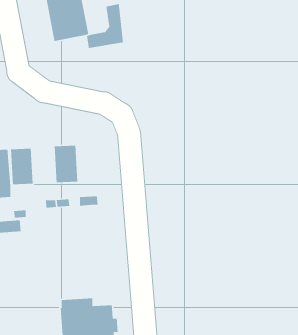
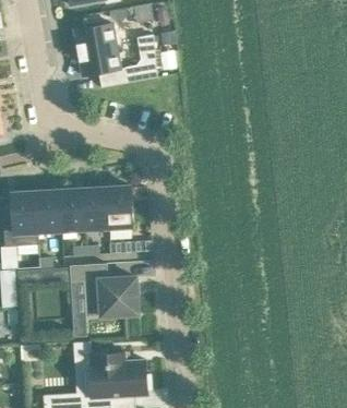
building: none -> [106,185,132,227]
building: none -> [58,188,84,229]
building: none -> [69,262,137,316]

